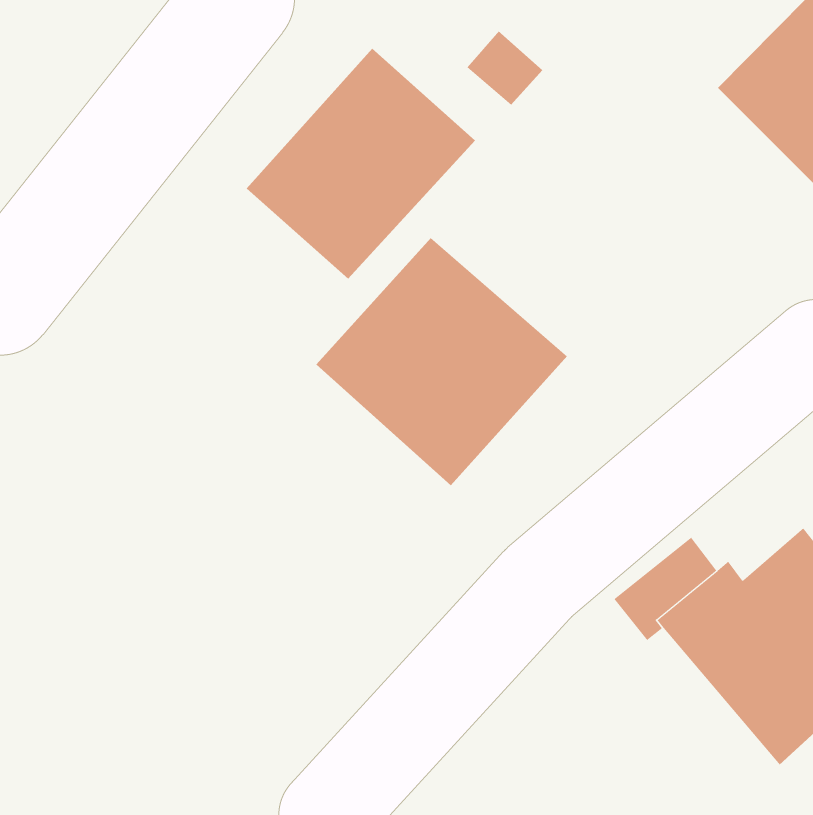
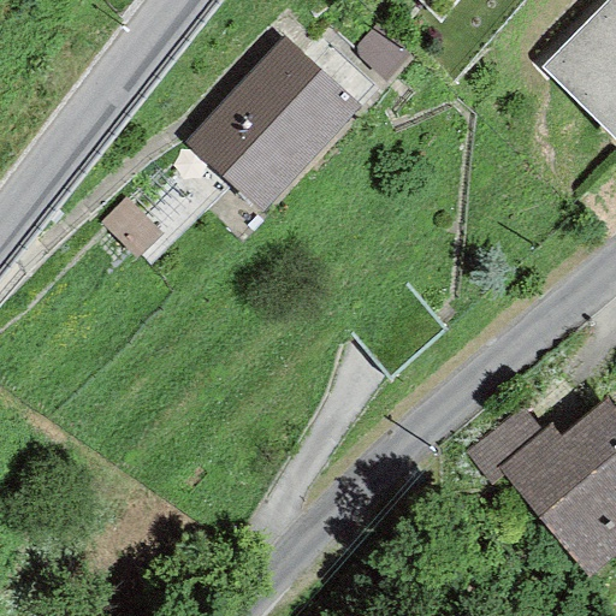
building: [316,237,568,486] -> none

